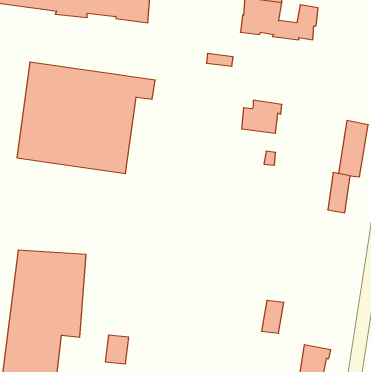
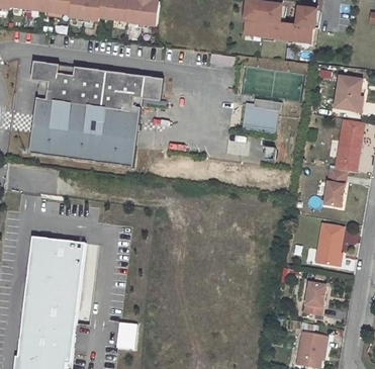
building: none -> [335,75,361,108]
building: none -> [315,220,343,264]
building: [262,300,284,333] -> [304,281,325,312]

